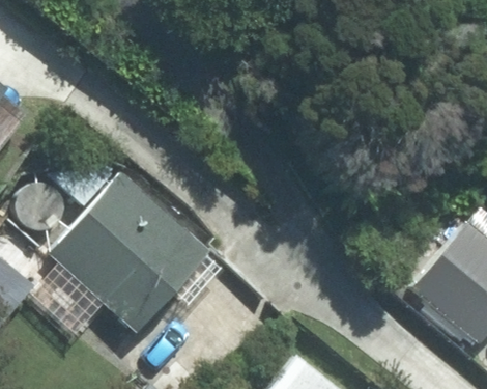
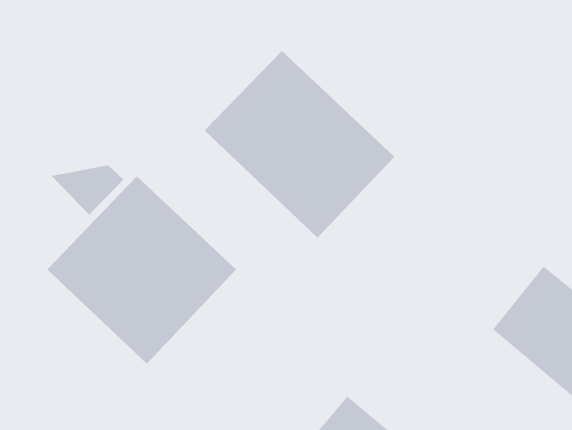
building: none -> [204,50,395,239]

